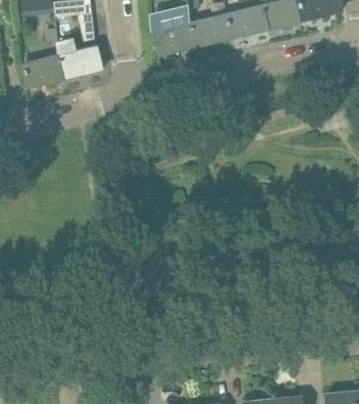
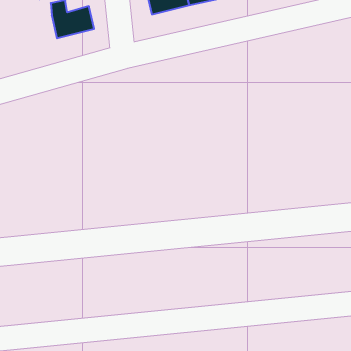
building: [23,55,64,86] -> none

